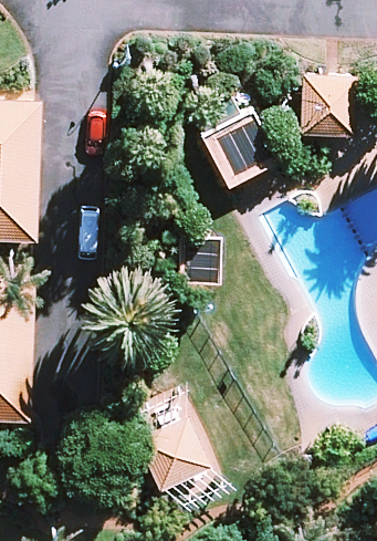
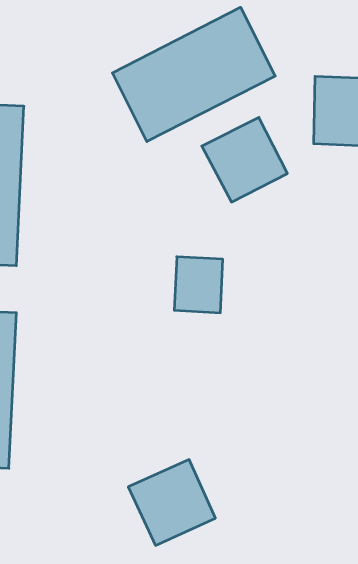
building: none -> [112,7,275,142]

